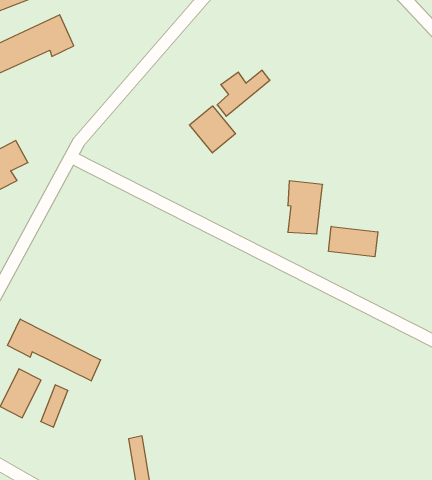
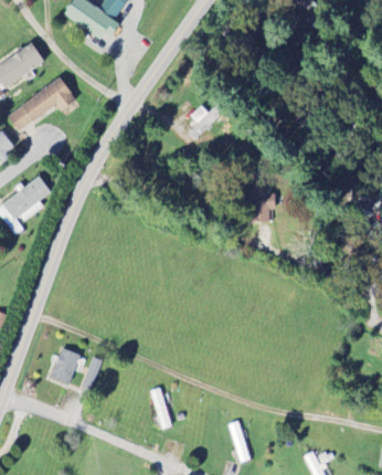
building: [189,106,235,153] -> none
building: [329,226,378,257] -> none
building: [7,319,101,381] -> none

